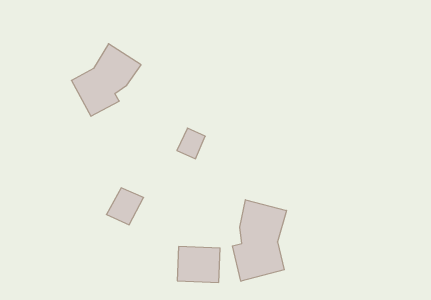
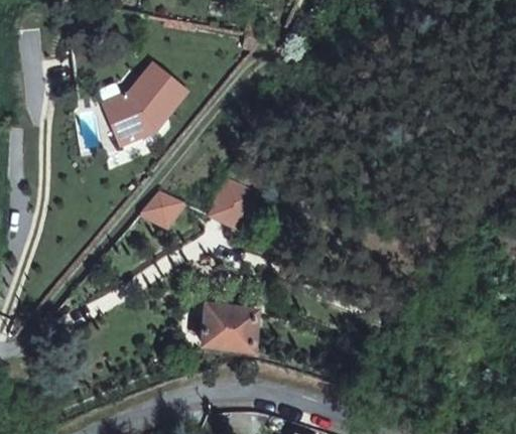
building: [106,188,144,225] -> [140,184,183,227]
building: [232,200,286,281] -> none

